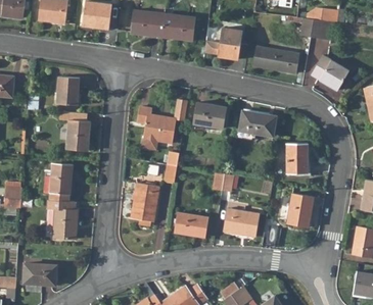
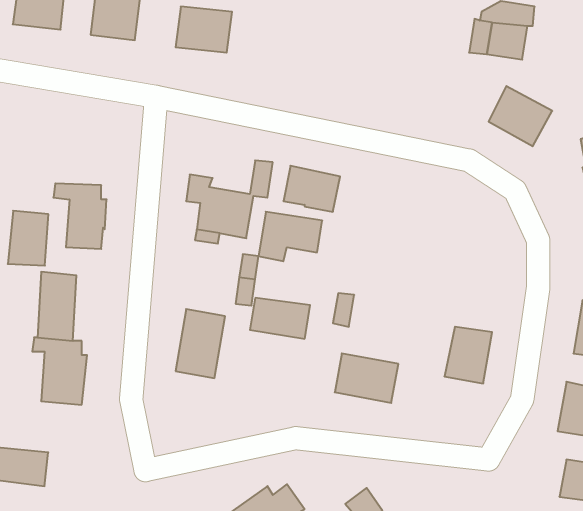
building: [160,13,193,41] -> none
building: [204,28,241,59] -> none
building: [253,46,300,74] -> none
building: [57,73,81,105] -> [8,211,48,266]
building: [238,112,275,141] -> [259,212,322,261]
building: [287,144,309,174] -> none
building: [175,215,209,239] -> [250,298,310,339]

